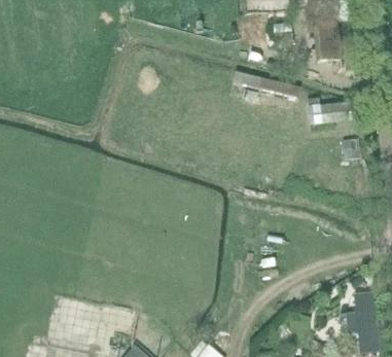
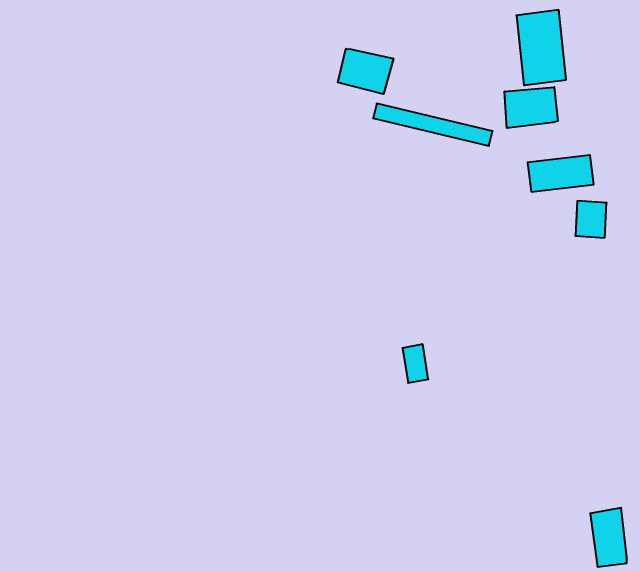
building: none -> [338,49,393,94]
building: none -> [505,87,558,128]

